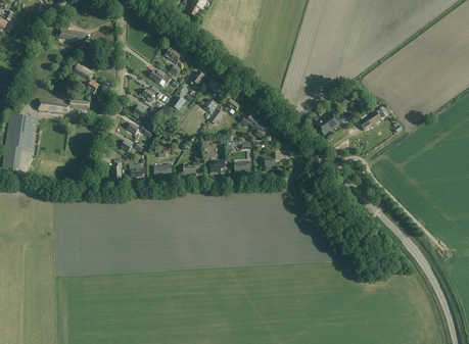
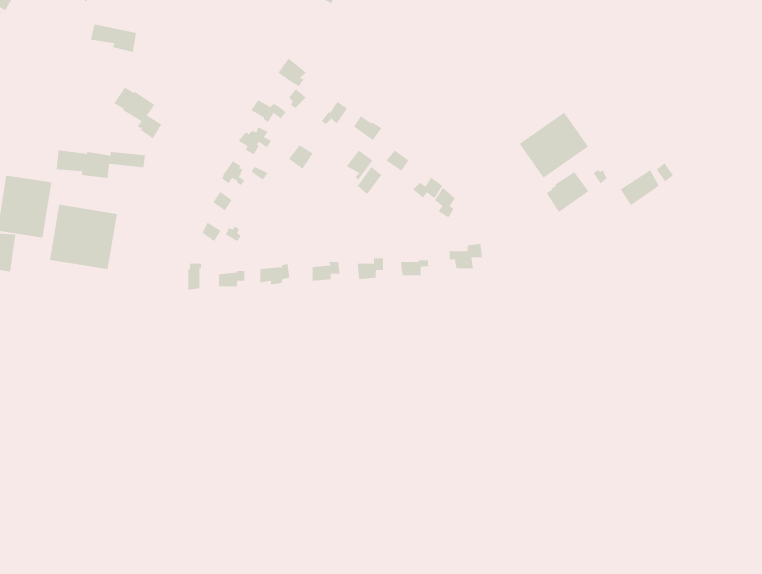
building: none -> [519,112,589,178]
building: none -> [49,204,117,270]

